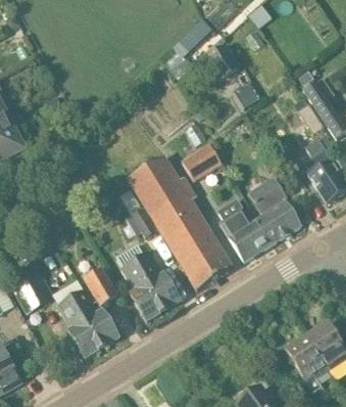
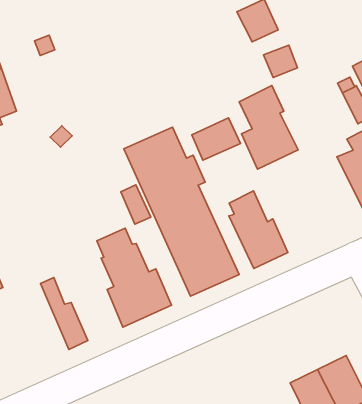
building: [248,177,300,245] -> [239,86,298,169]
building: [82,268,118,306] -> none
building: [57,296,104,357] -> none

